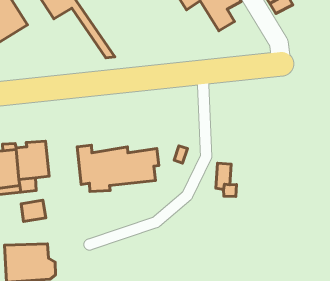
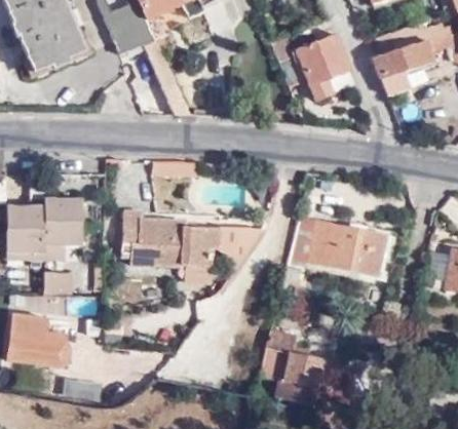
building: none -> [309,223,387,278]
building: none -> [260,327,357,404]

